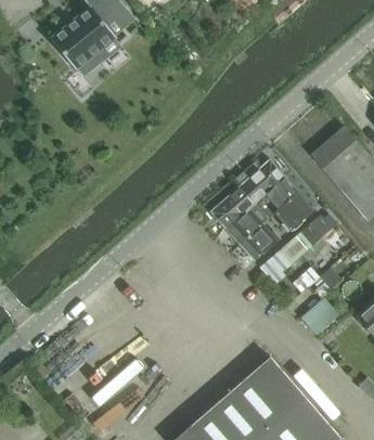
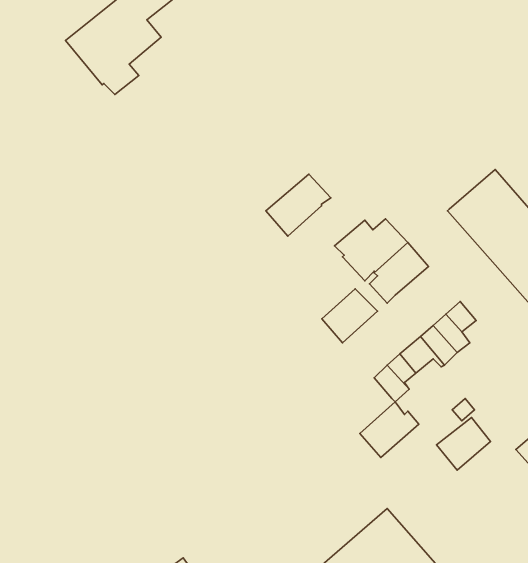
building: [210,185,255,228] -> [266,174,331,236]
building: [275,192,313,231] -> none
building: [240,222,280,260] -> [360,402,419,457]

